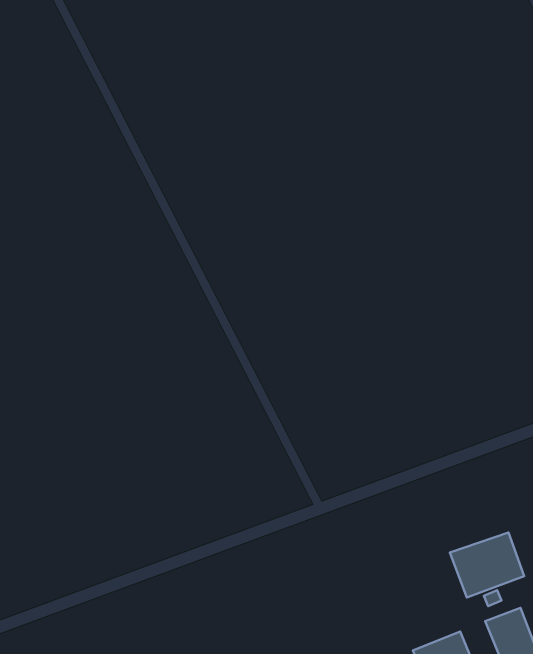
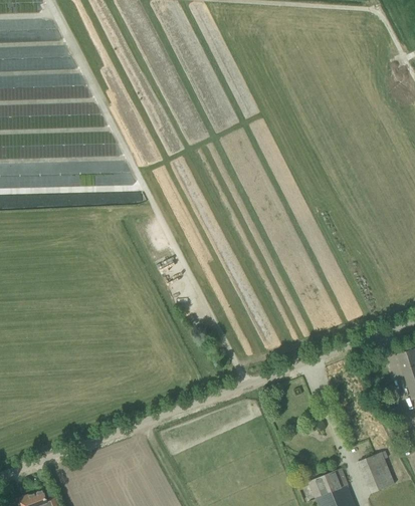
building: [450,532,524,598] -> none

